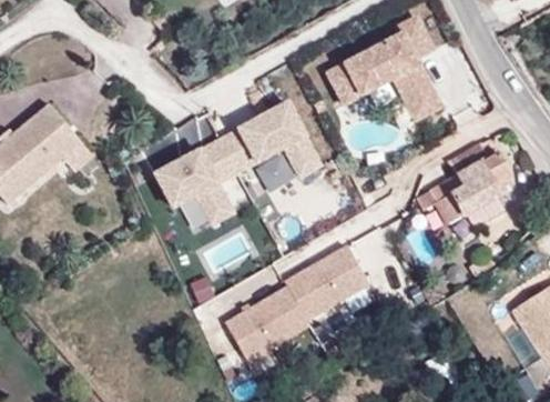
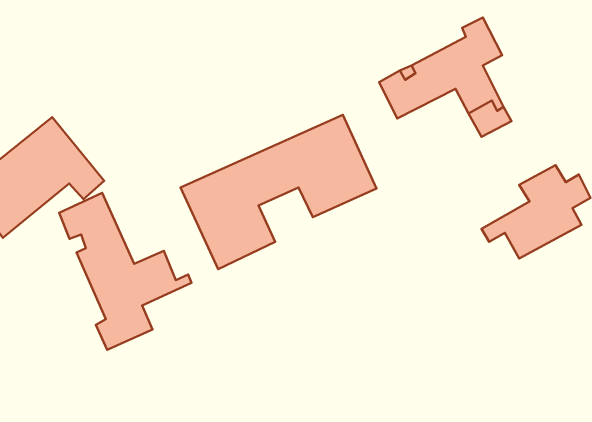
building: none -> [59,193,191,350]
building: [224,247,376,355] -> none

